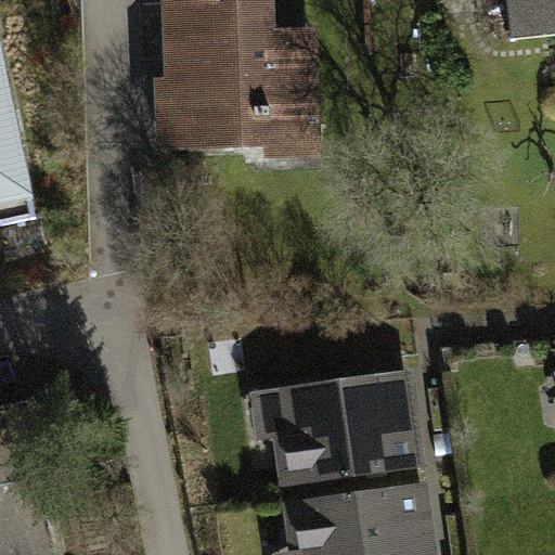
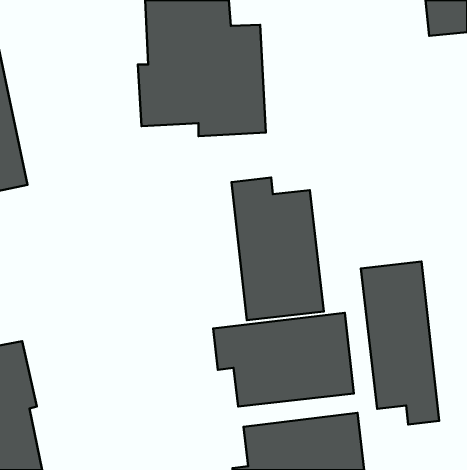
building: none -> [232,178,324,320]
building: none -> [361,262,439,425]

